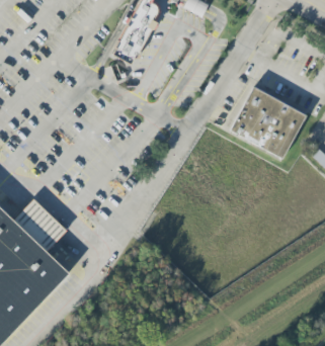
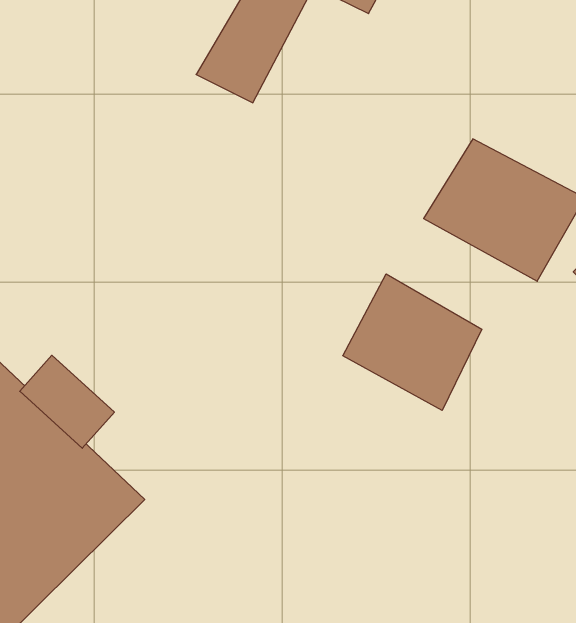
building: none -> [343,274,482,410]

